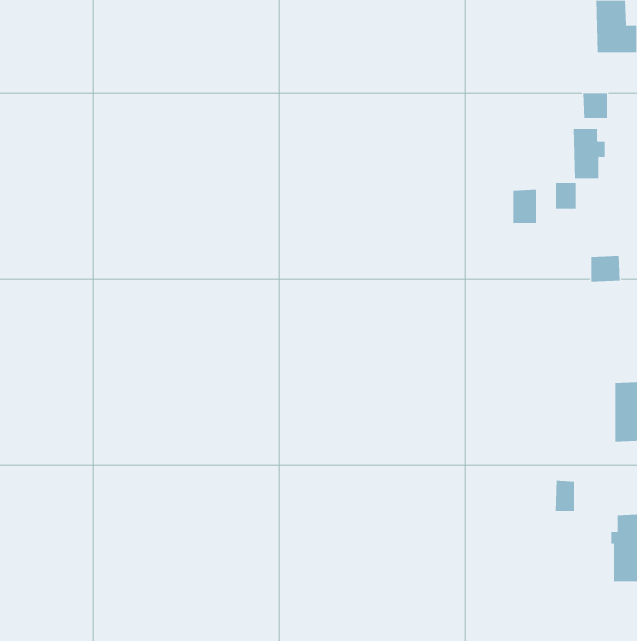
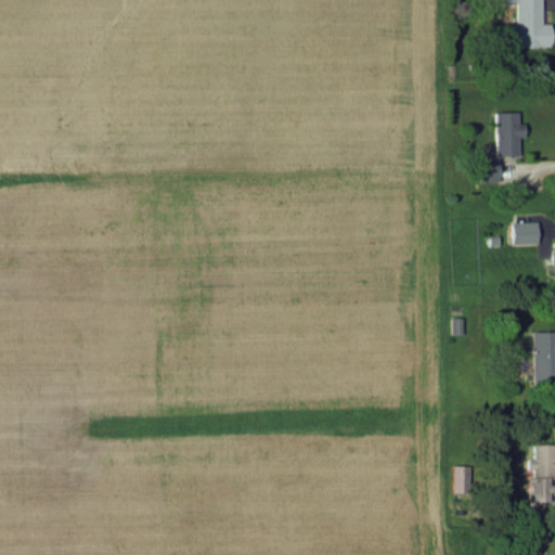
building: [583,92,608,119] -> none
building: [513,189,537,224] -> none
building: [555,480,575,512] -> [455,466,473,493]

